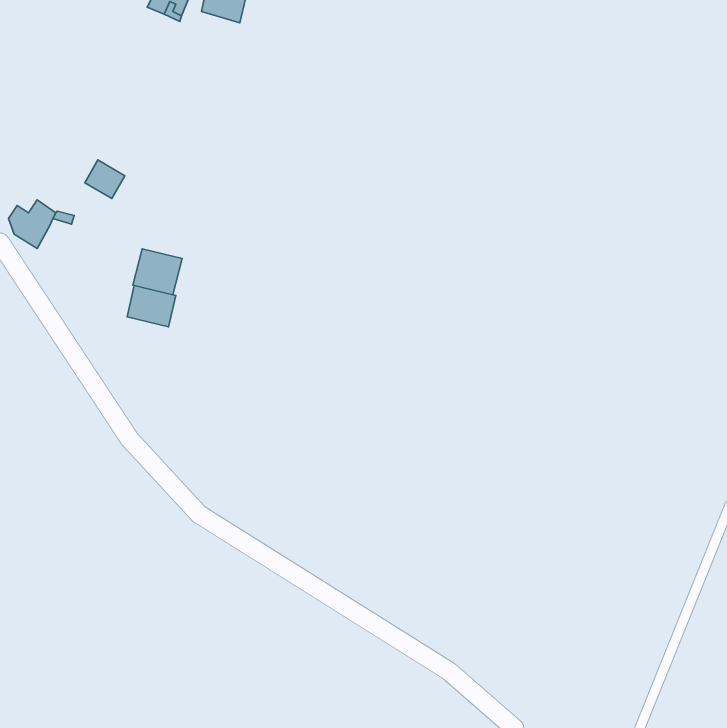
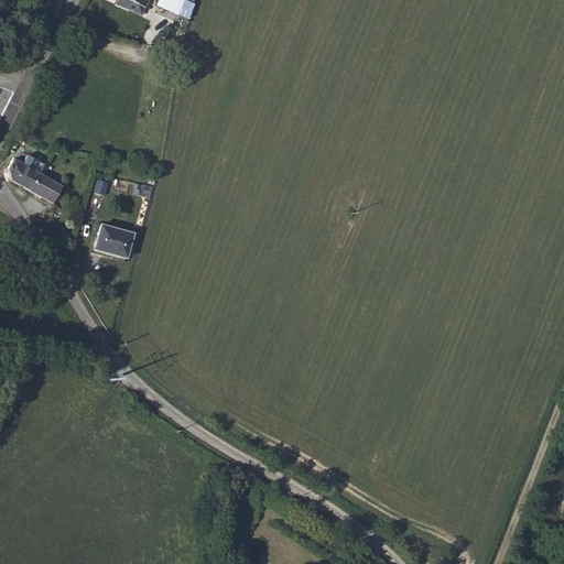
building: [85,160,125,199] -> [31,174,62,204]
building: [133,249,182,295] -> none

